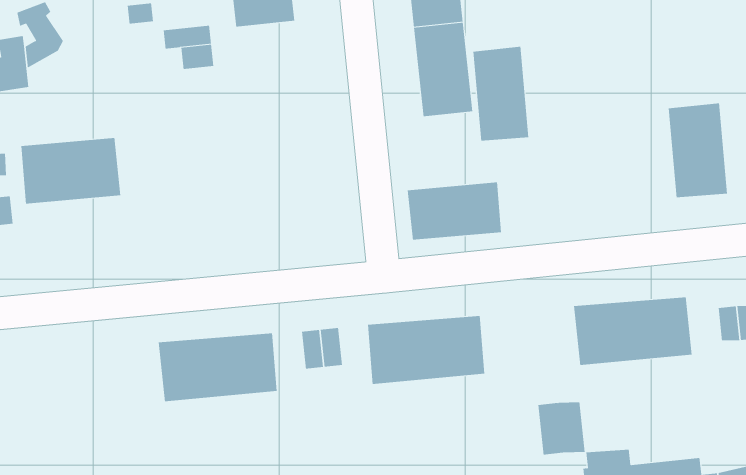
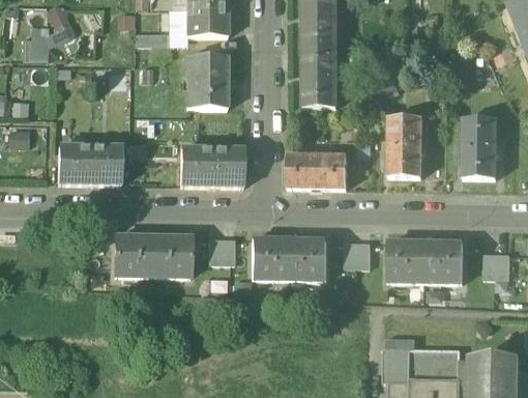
building: [472,46,529,141] -> [389,117,422,177]
building: none -> [187,56,227,109]
building: [21,137,121,204] -> [58,145,121,184]
building: none -> [180,147,243,187]
building: [538,402,585,455] -> [345,240,373,275]

